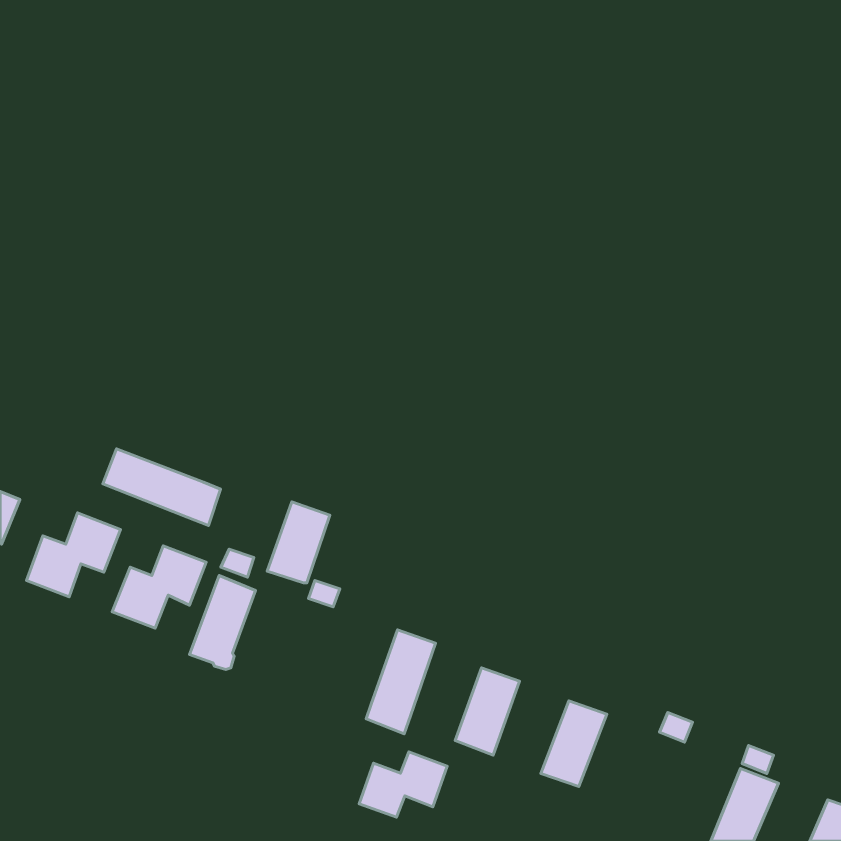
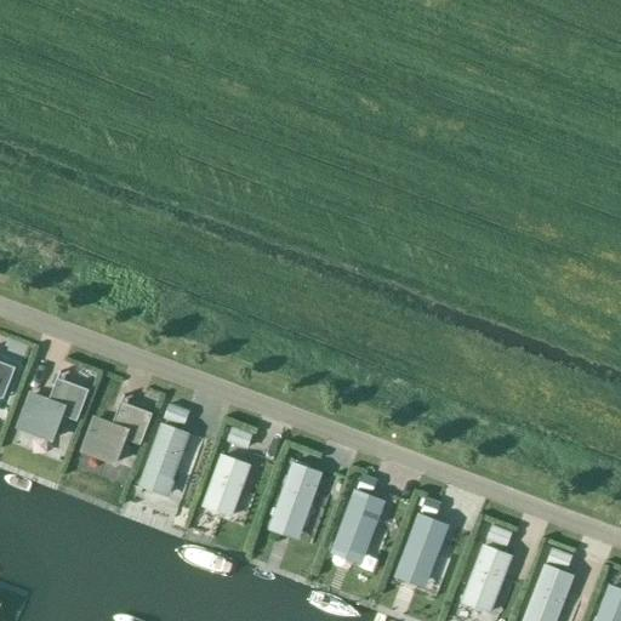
building: [103,449,221,525] -> none
building: [267,502,330,583] -> [204,455,250,514]
building: none -> [463,545,512,611]
building: [359,752,447,817] -> none

